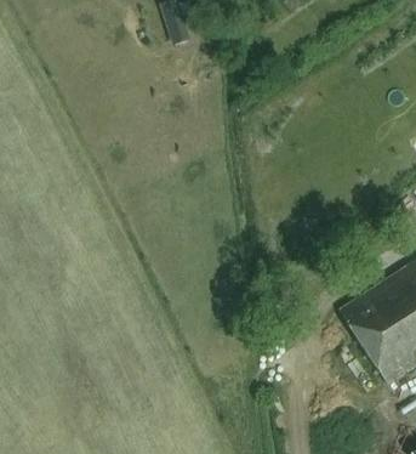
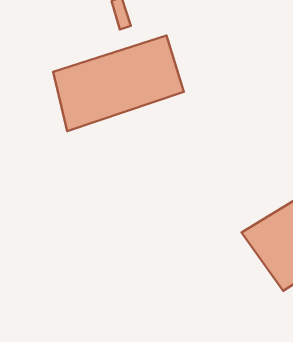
building: none -> [53,35,184,131]

